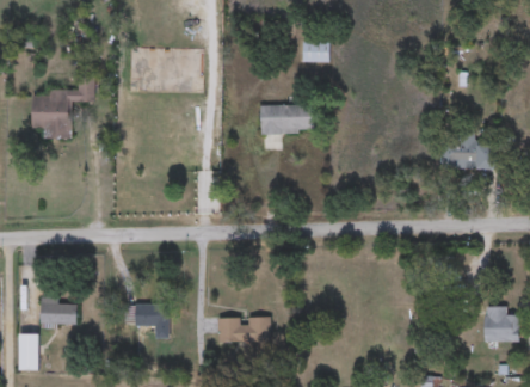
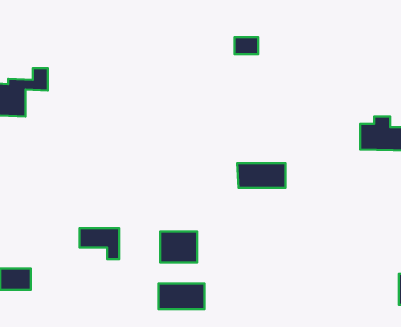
building: [260,105,314,133] -> [237,163,286,188]
building: none -> [160,231,197,262]
building: [124,305,168,339] -> [79,228,119,259]

